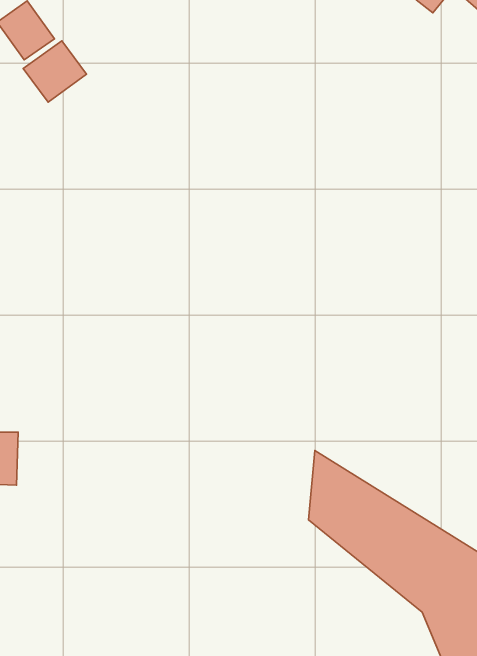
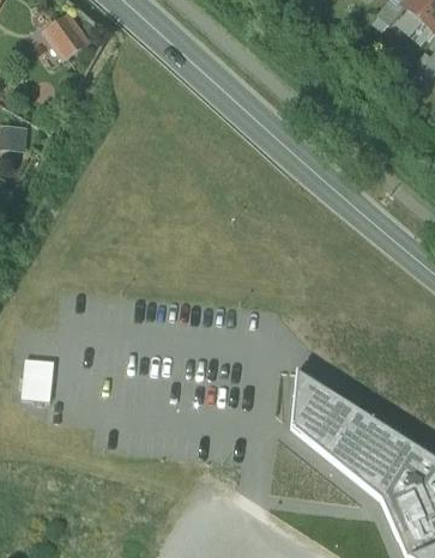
building: [23,41,87,102] -> none

